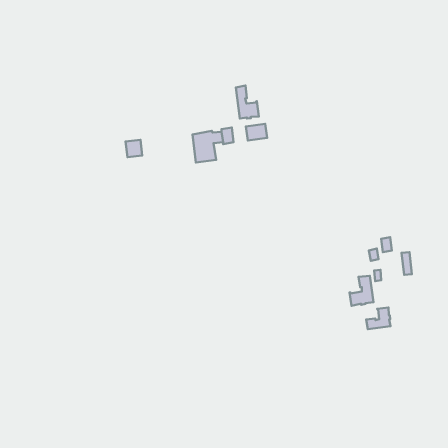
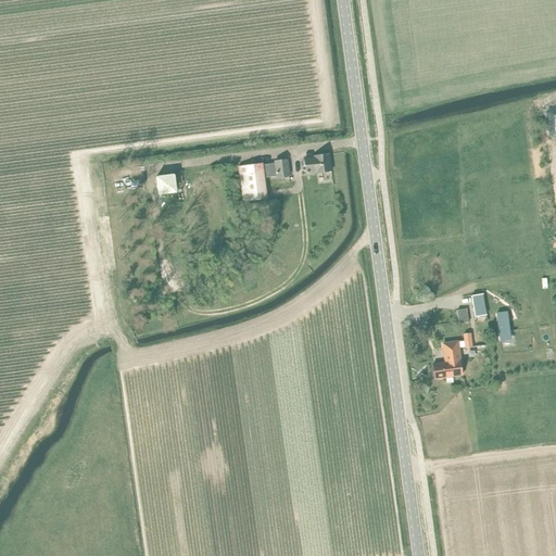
building: [236,86,259,119] -> none
building: [366,307,390,329] -> none

